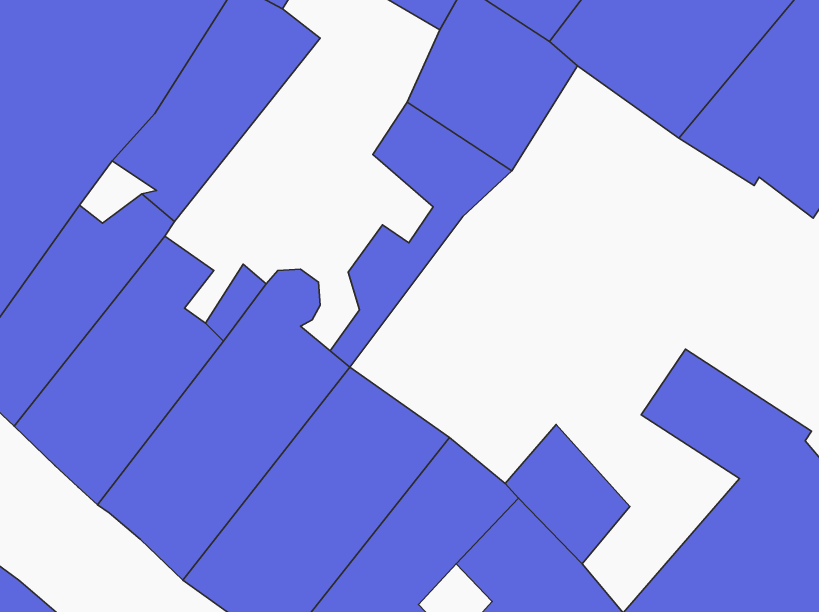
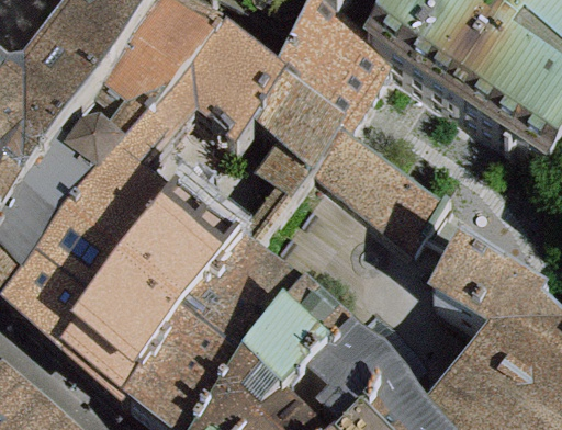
building: none -> [117,44,280,200]
building: none -> [317,133,448,245]

